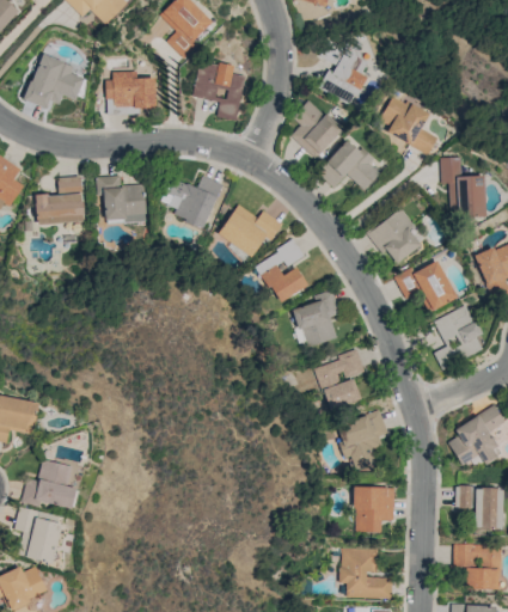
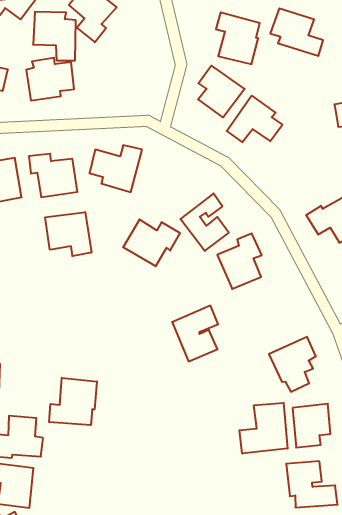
building: [194,61,244,120] -> [33,12,76,60]
building: [379,96,436,153] -> [270,8,323,56]
building: [218,203,282,257] -> [123,219,180,266]
building: [367,208,422,263] -> none
building: none -> [45,212,91,256]
building: [314,351,365,410] -> [172,306,218,361]
building: none -> [49,378,97,425]
building: none -> [239,403,288,454]

